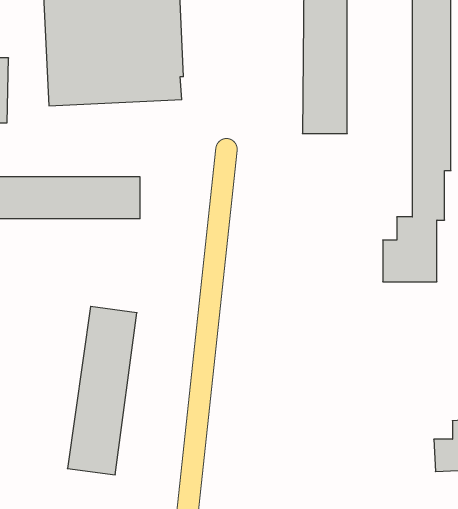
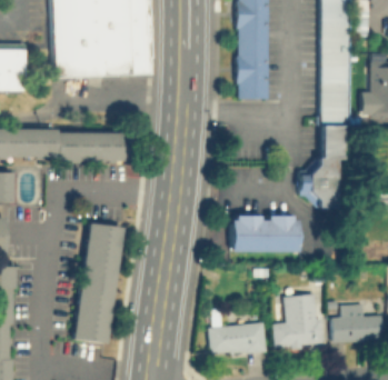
building: none -> [235,216,296,251]
building: none -> [275,296,324,348]
building: none -> [210,322,267,353]

